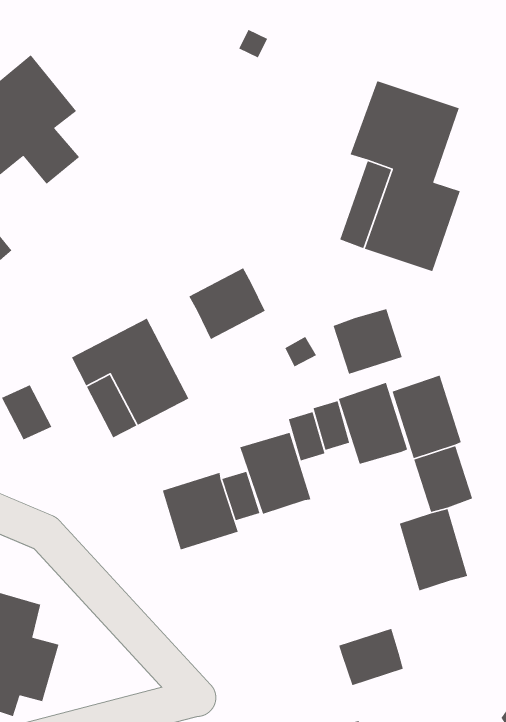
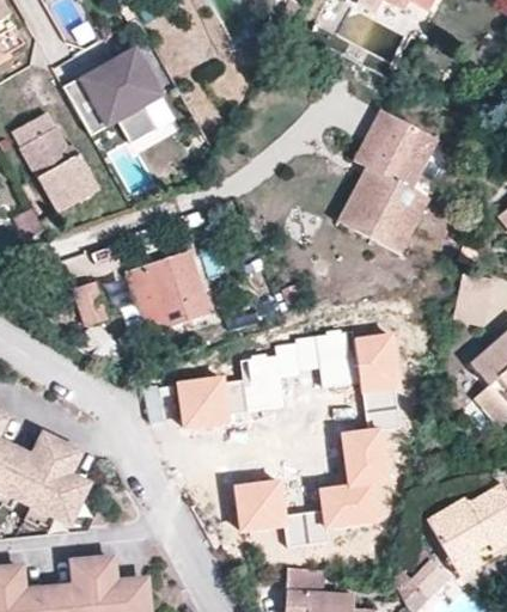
building: [188,267,266,340] -> none
building: [333,308,403,375] -> none
building: none -> [323,479,377,525]
building: none -> [236,476,286,525]

